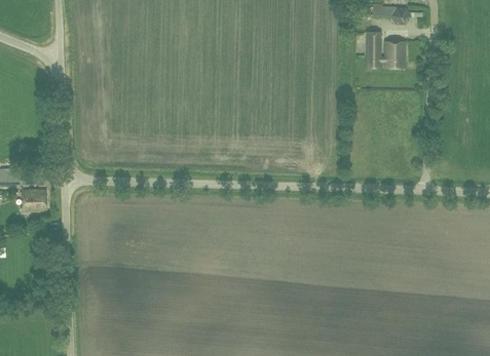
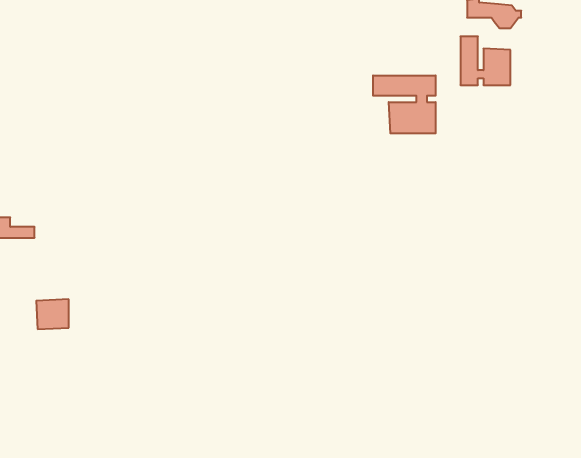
building: none -> [373,75,436,133]
building: [22,189,46,211] -> [36,299,69,329]

